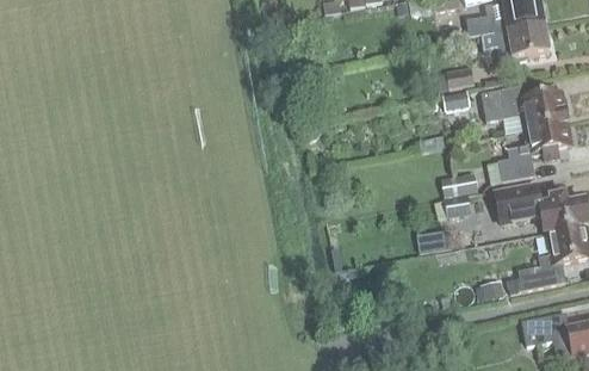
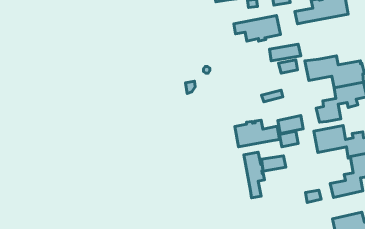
building: [482,23,550,60] -> [234,16,280,41]
building: none -> [235,120,279,147]
building: none -> [244,152,264,198]

